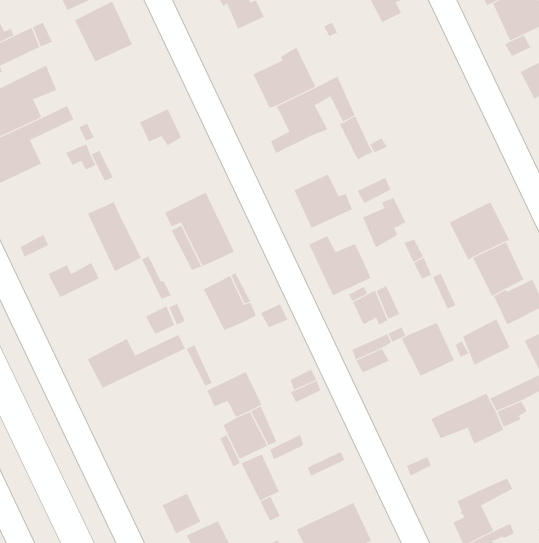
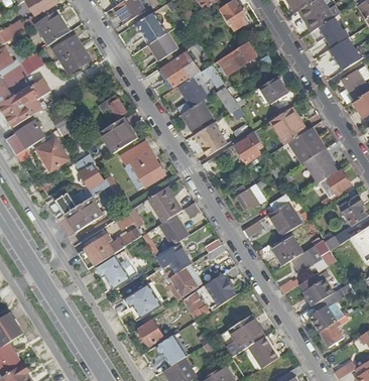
building: none -> [148,33,177,64]
building: none -> [218,41,257,76]
building: none -> [260,77,286,104]
building: none -> [181,101,211,128]
building: none -> [100,116,137,152]
building: none -> [270,107,306,144]
building: none -> [37,137,69,170]
building: [309,236,372,296] -> none
building: none -> [65,197,102,231]
building: [462,318,511,365] -> [273,236,302,265]
building: none -> [159,215,189,246]
building: none -> [96,251,129,287]
building: none -> [125,282,161,319]
building: none -> [299,277,334,305]

